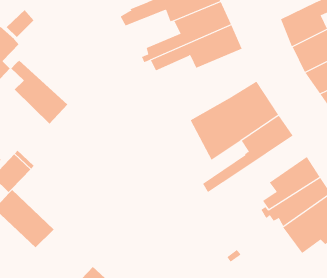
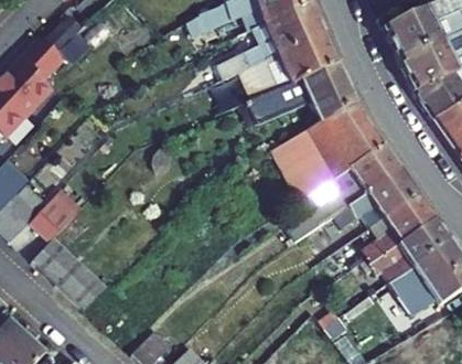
building: none -> [249,63,356,124]
building: [10,60,68,125] -> none
building: none -> [334,170,418,227]

